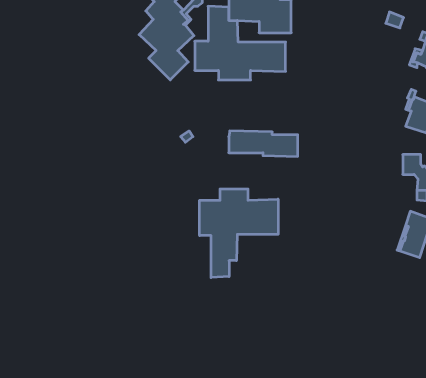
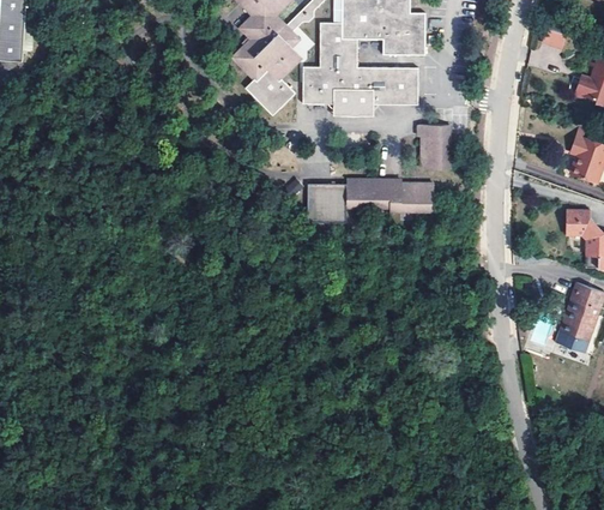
building: none -> [418,125,449,169]
building: none -> [307,186,346,223]
building: [200,189,278,278] -> none

